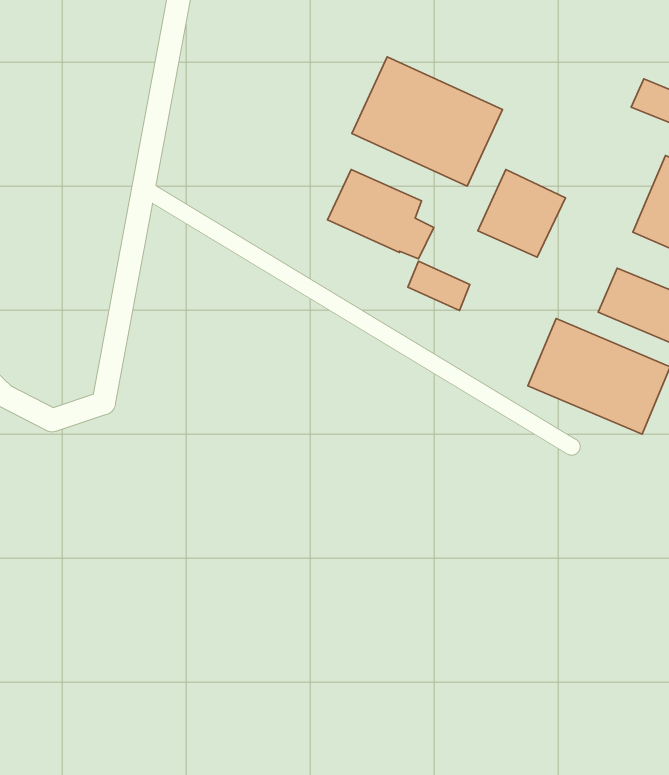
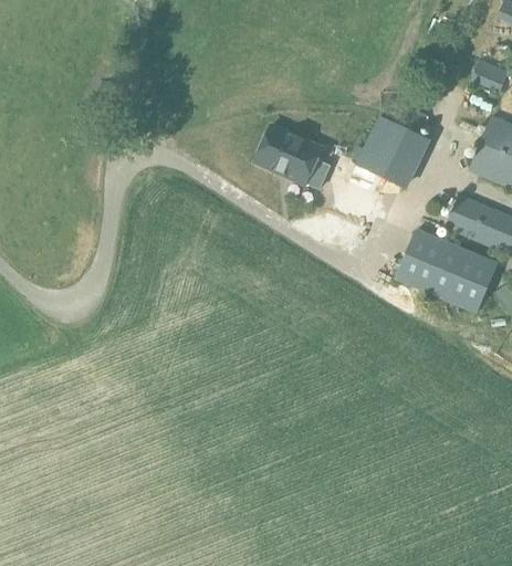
building: [352,57,503,186] -> none
building: [408,261,470,311] -> none

